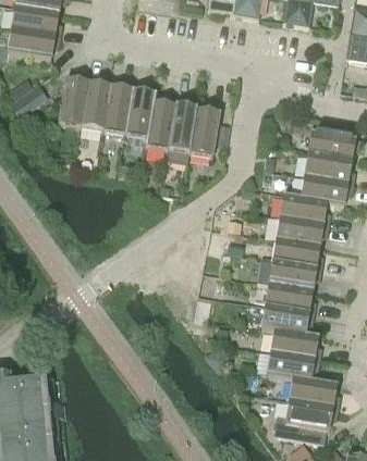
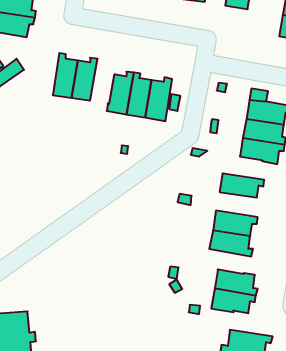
building: [58,75,88,125] -> none
building: [124,83,155,136] -> none
building: [279,192,329,224] -> none
building: [271,238,321,267] -> none
building: [260,304,313,334] -> none
building: [288,376,339,407] -> none

